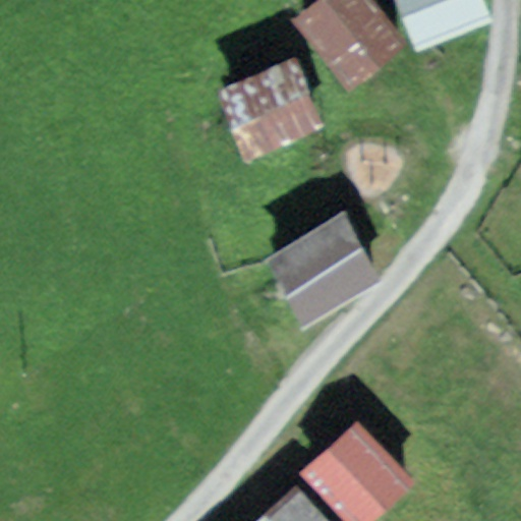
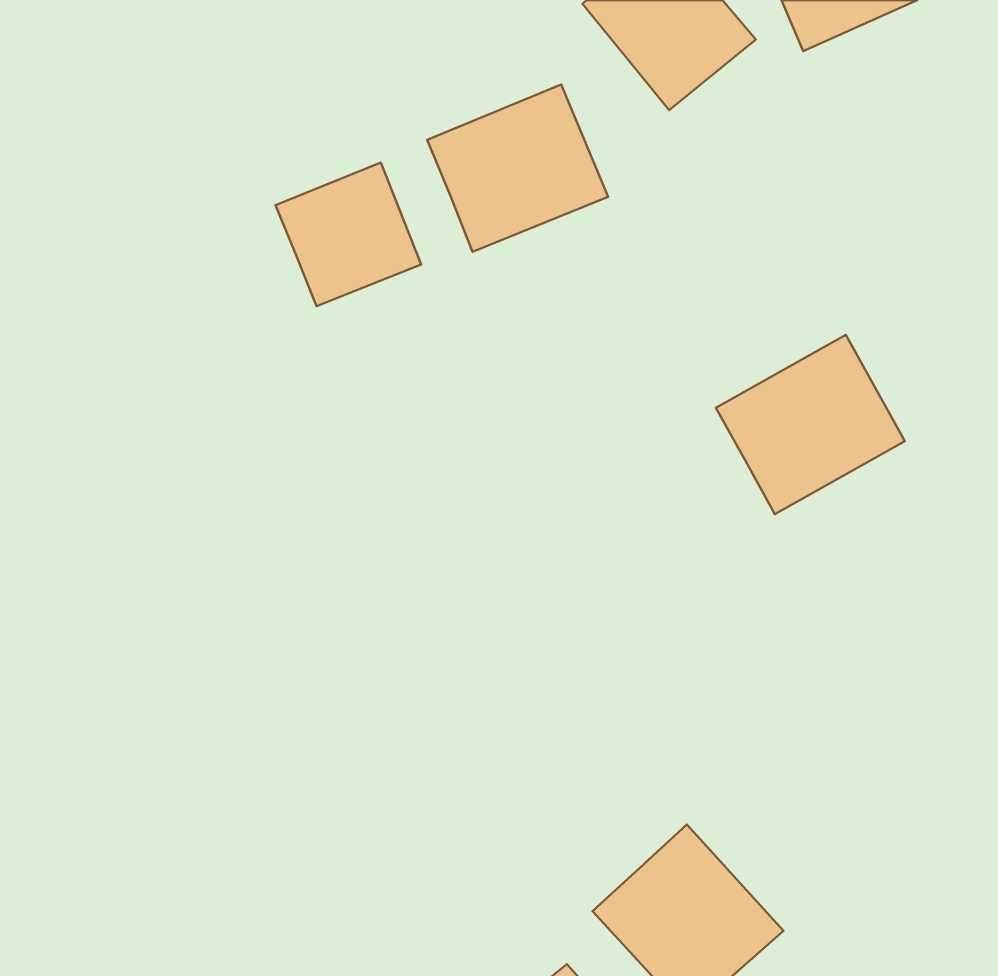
building: none -> [275,162,421,306]
building: [275,212,372,304] -> [716,335,905,514]

